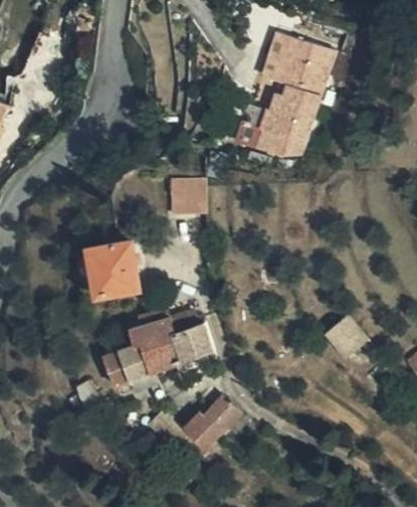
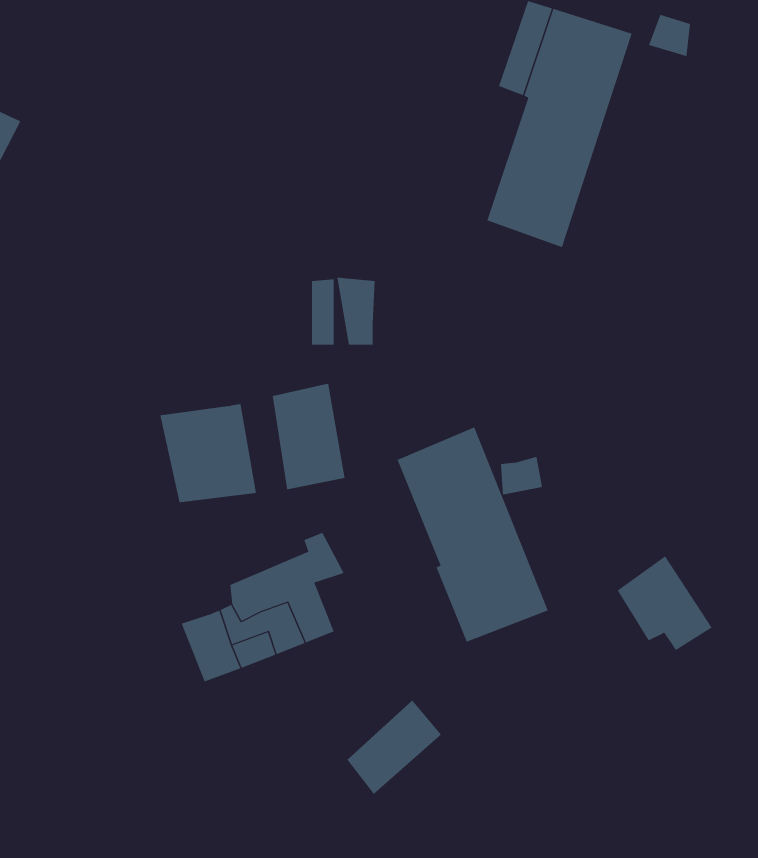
building: none -> [272,383,345,490]
building: none -> [397,426,548,643]
building: [164,325,204,361] -> none

